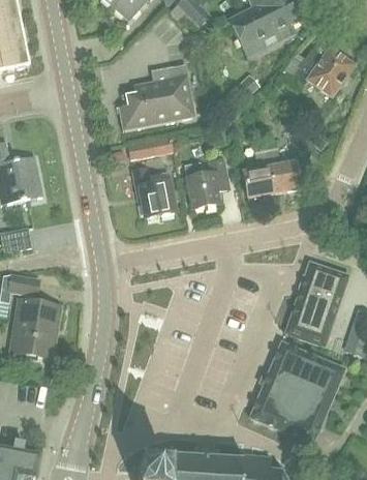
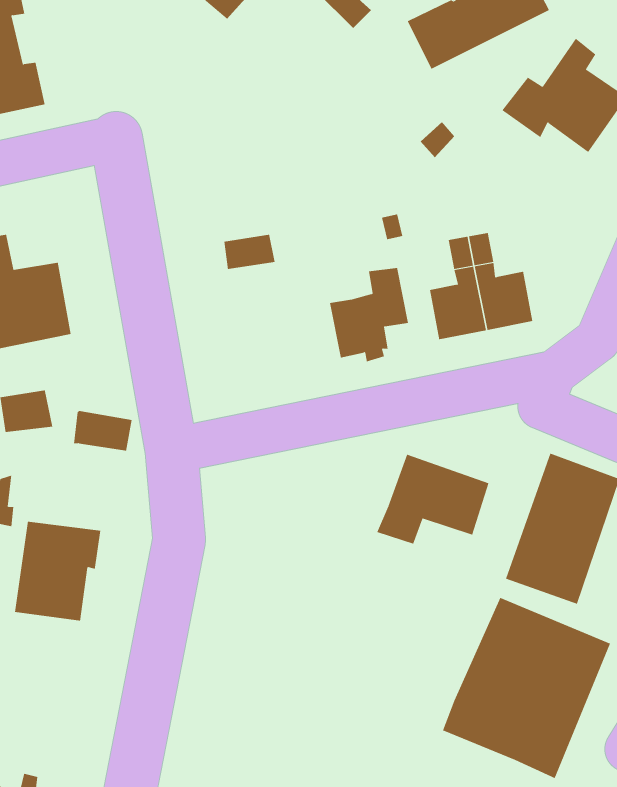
building: [118,63,195,129] -> none
building: [131,167,176,221] -> none
building: none -> [376,454,489,545]
building: [7,273,40,296] -> [73,410,132,451]

